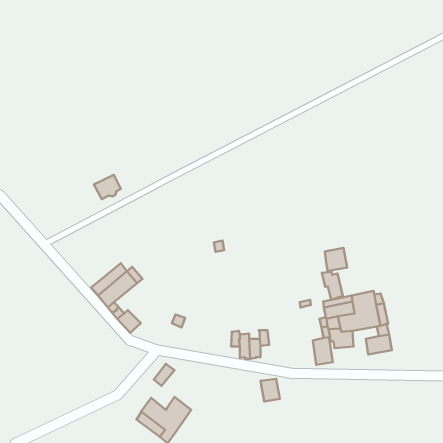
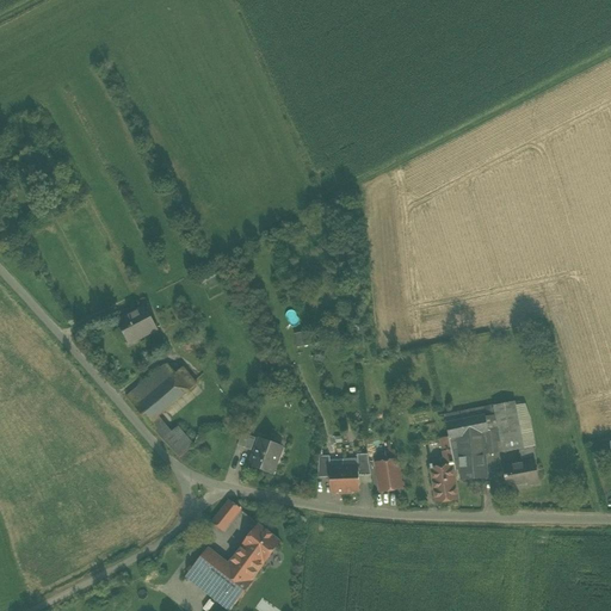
building: [94,175,121,199] -> [117,307,154,340]
building: [322,248,347,300] -> none
building: none -> [251,437,279,474]
building: [261,379,280,402] -> [375,459,401,490]
building: none -> [240,523,279,563]

